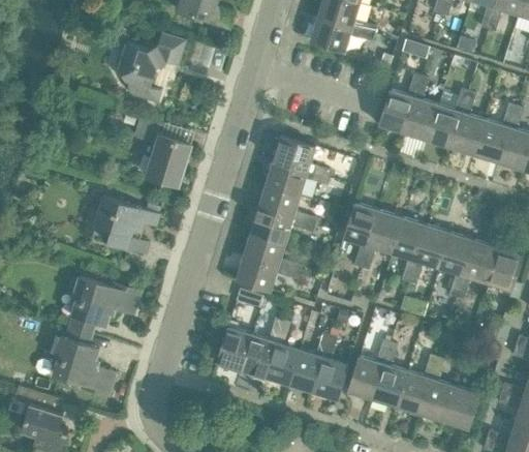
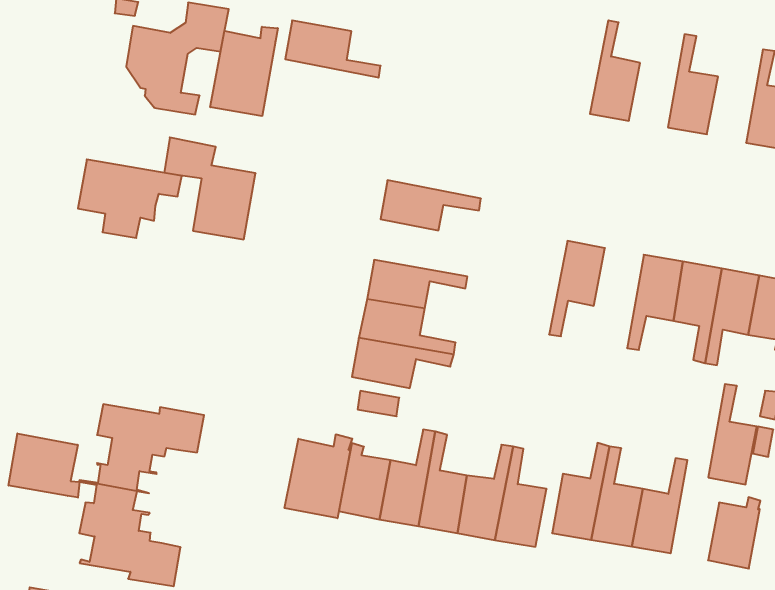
building: none -> [210,27,278,116]
building: [379,73,423,133] -> none
building: [428,89,469,148] -> none
building: [475,103,517,163] -> none
building: [273,135,332,178] -> [285,20,381,78]
building: [258,183,317,225] -> none
building: [94,197,161,249] -> [78,159,182,238]
building: [344,203,380,268] -> none
building: [392,218,427,282] -> none
building: none -> [9,433,80,498]
building: none -> [285,434,352,518]
building: [421,357,455,421] -> [708,384,757,484]

